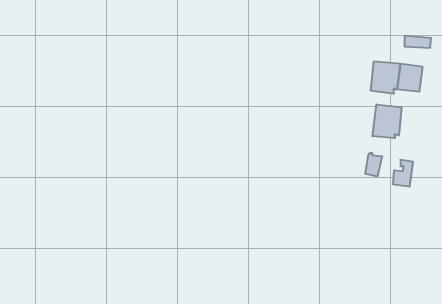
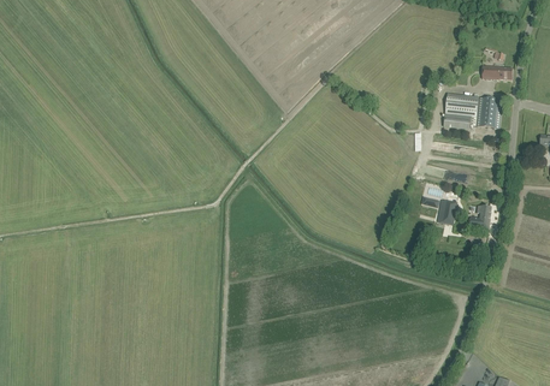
building: [372,104,401,138] -> none

